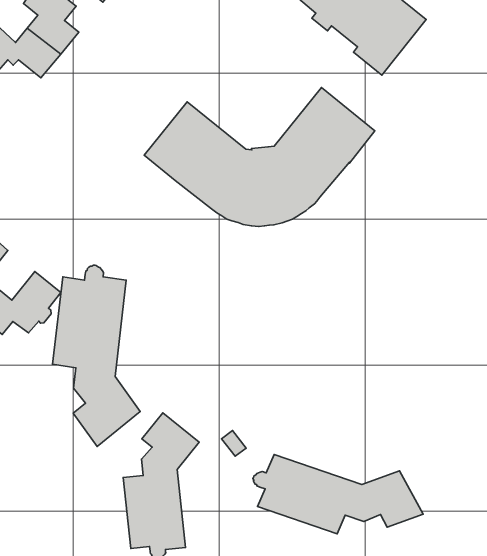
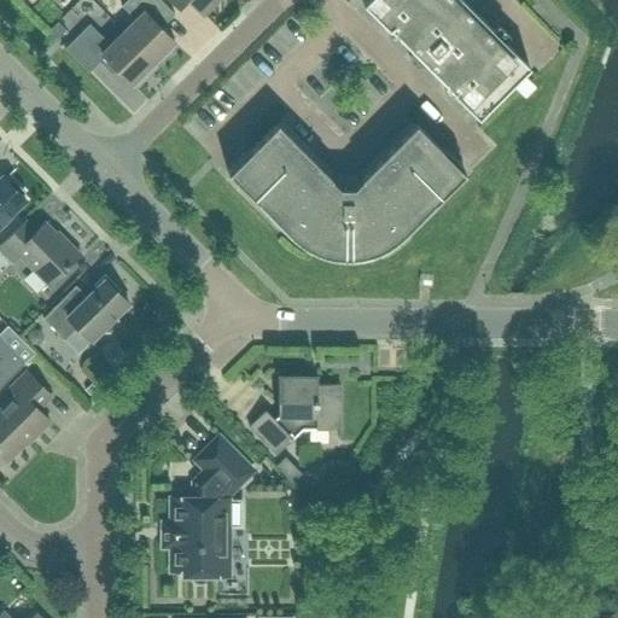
building: [53,265,140,447] -> none
building: none -> [249,377,340,455]
building: [253,454,423,534] -> none

